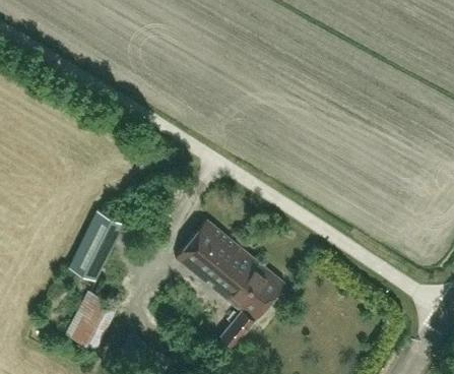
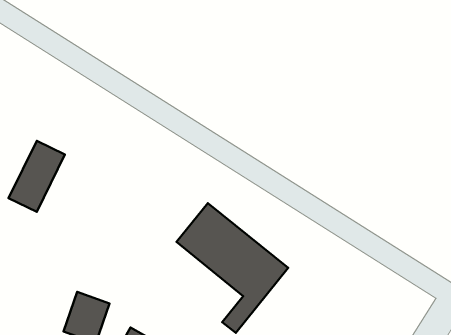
building: [69,210,124,279] -> [9,141,65,212]

